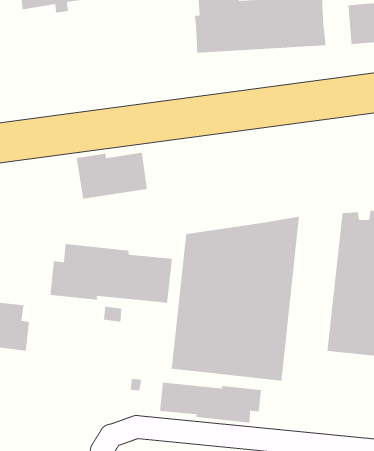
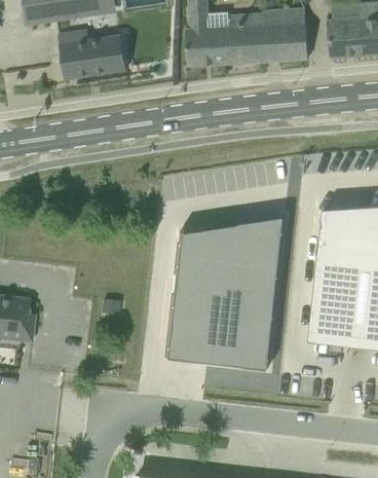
building: [76,152,148,200] -> [59,35,125,79]
building: [49,243,173,304] -> none
building: [159,382,262,424] -> none

